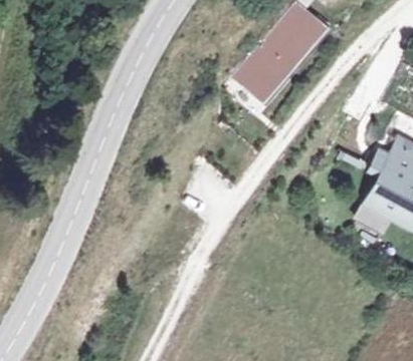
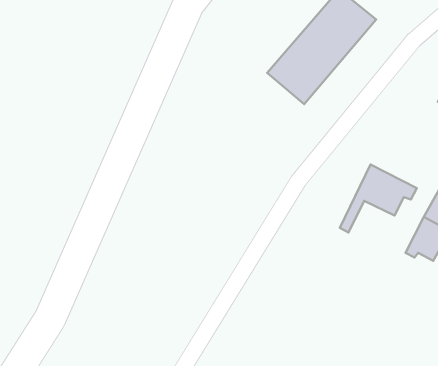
building: none -> [340,164,417,233]

